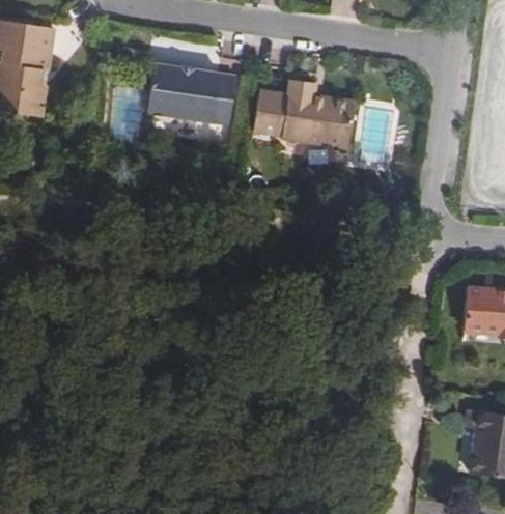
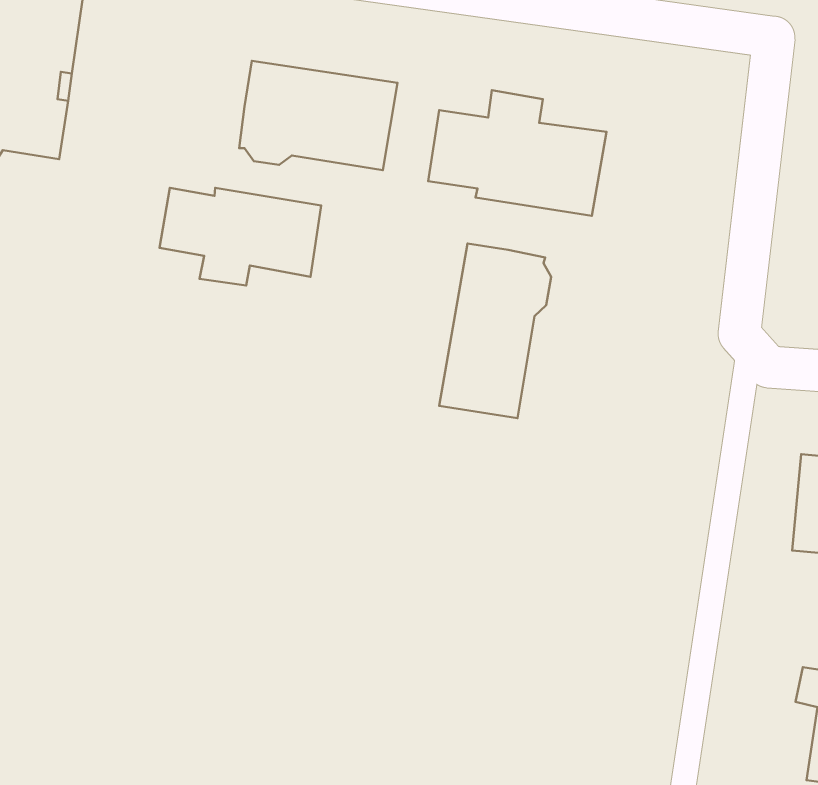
building: none -> [159,188,321,285]
building: none -> [439,243,551,418]

